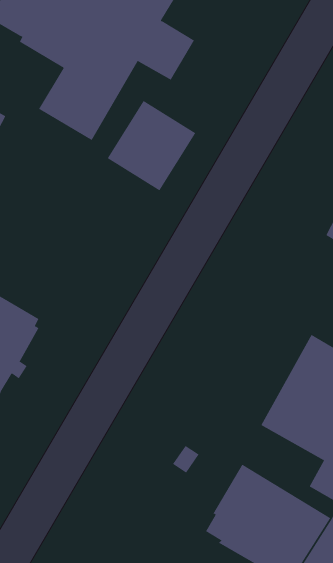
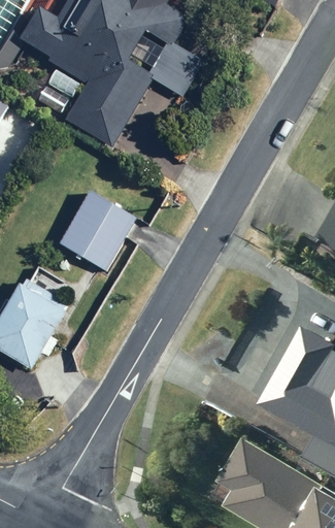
building: [107,100,196,191] -> [57,191,135,270]

